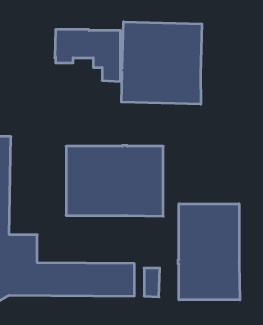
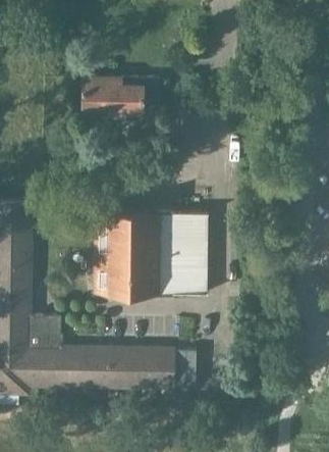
building: [121,22,202,104] -> none
building: [178,204,240,300] -> none

